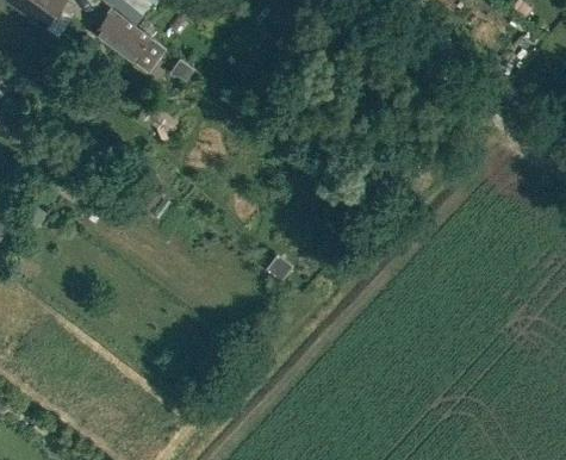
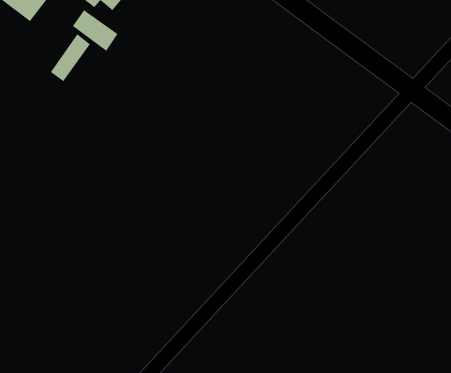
building: none -> [50,33,91,82]

